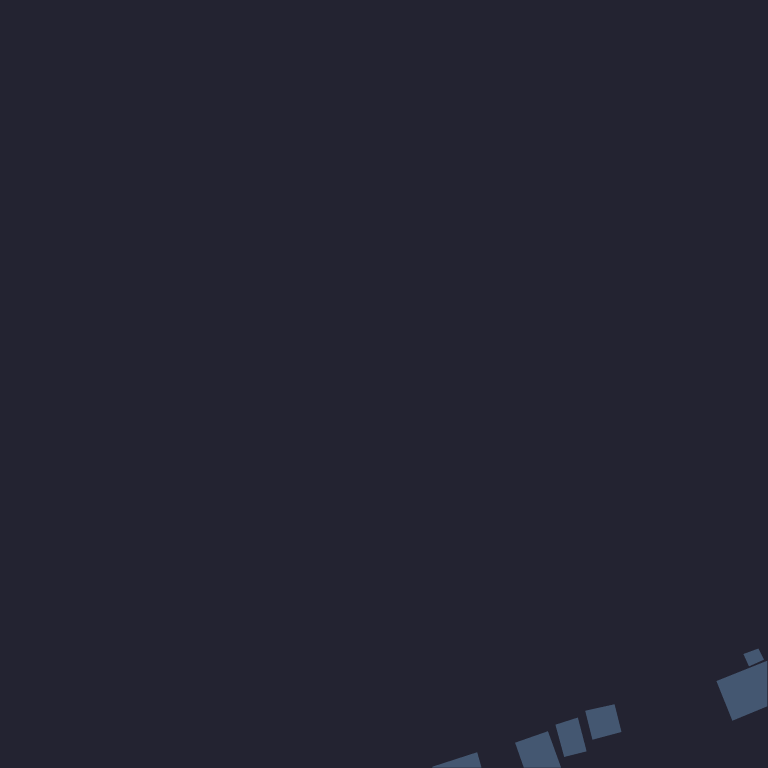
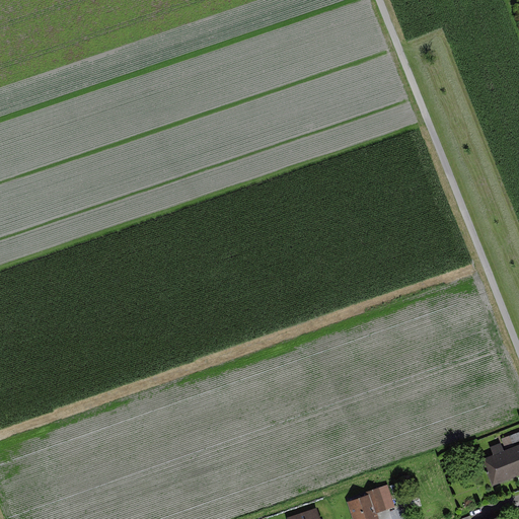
building: [584,703,622,741] -> none

